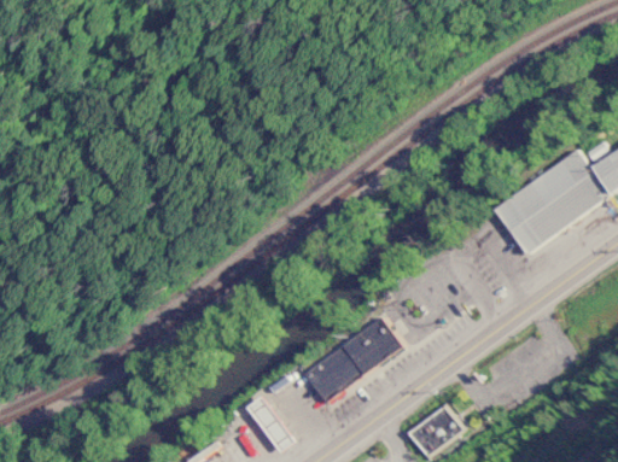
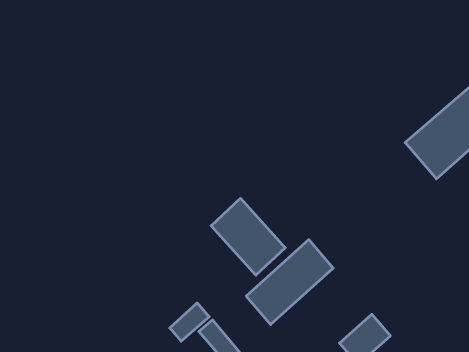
building: none -> [211,198,285,275]
building: none -> [170,303,209,341]

